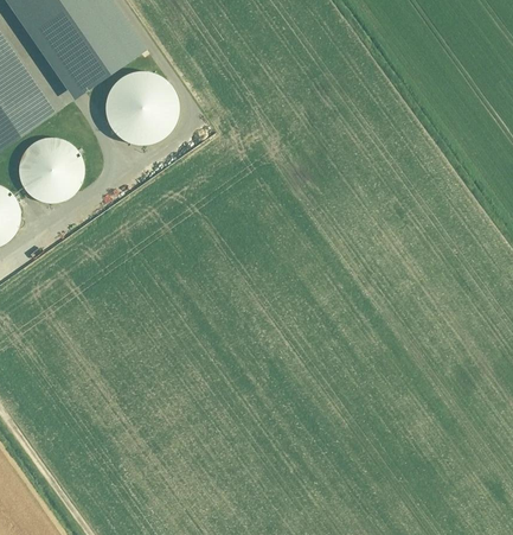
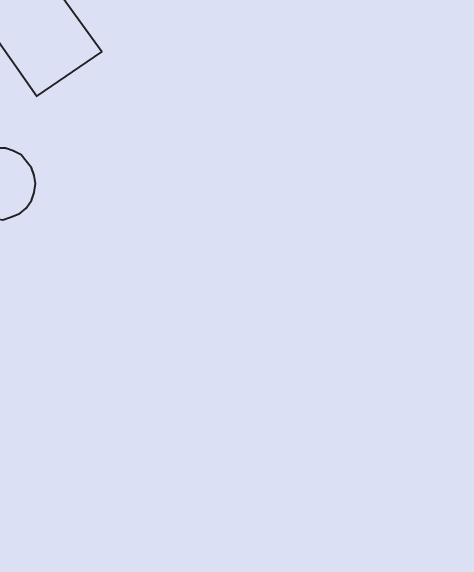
building: [101,70,177,145] -> none

